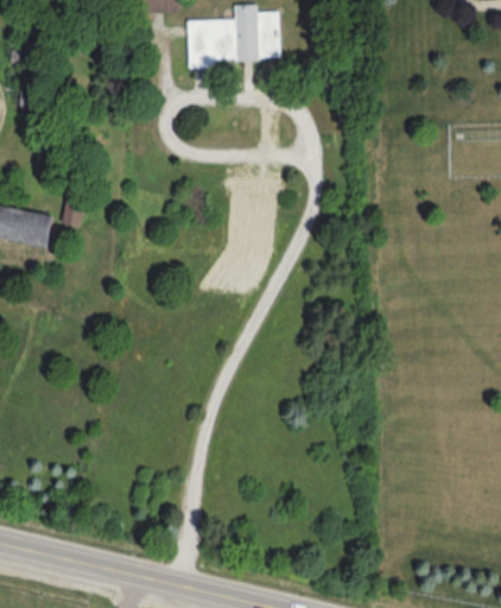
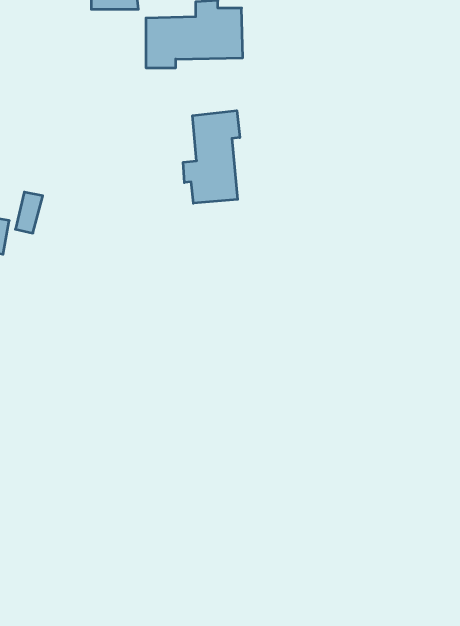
building: none -> [183,111,240,203]

